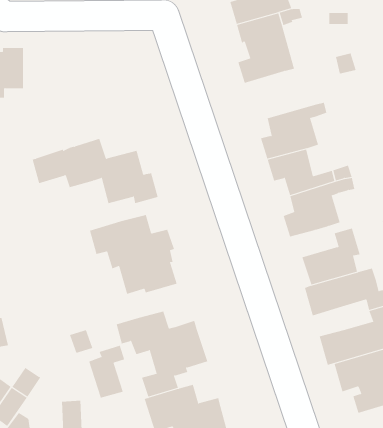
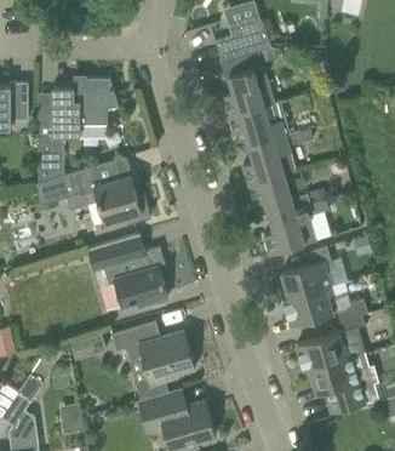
building: none -> [38,78,118,183]
building: none -> [228,99,291,147]
building: [88,345,125,398] -> none

